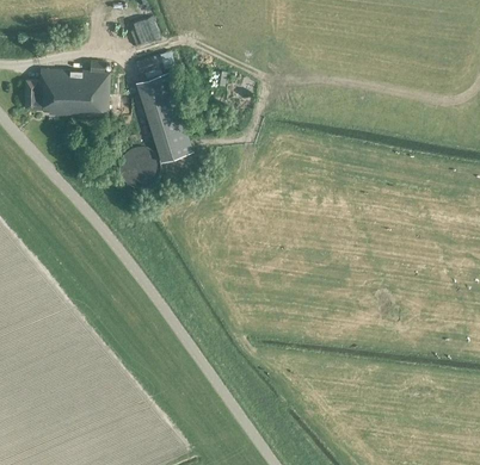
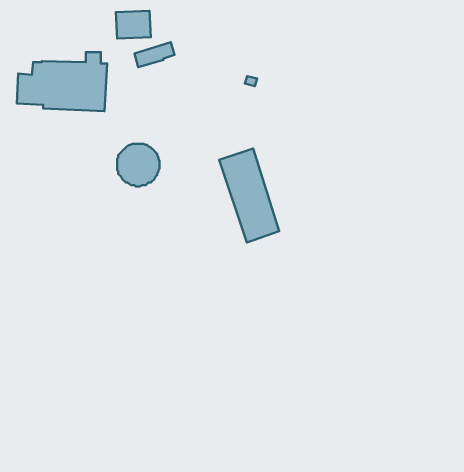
building: [135,73,192,162] -> [219,148,279,242]

